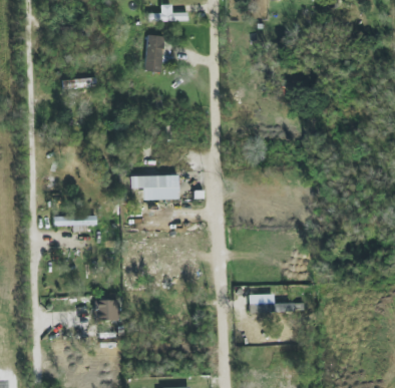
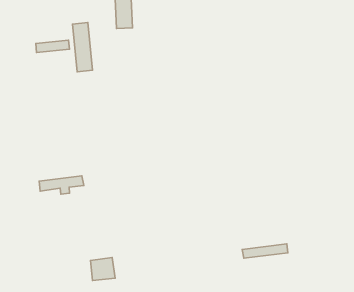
building: none -> [73,22,92,72]
building: [130,175,178,200] -> none

